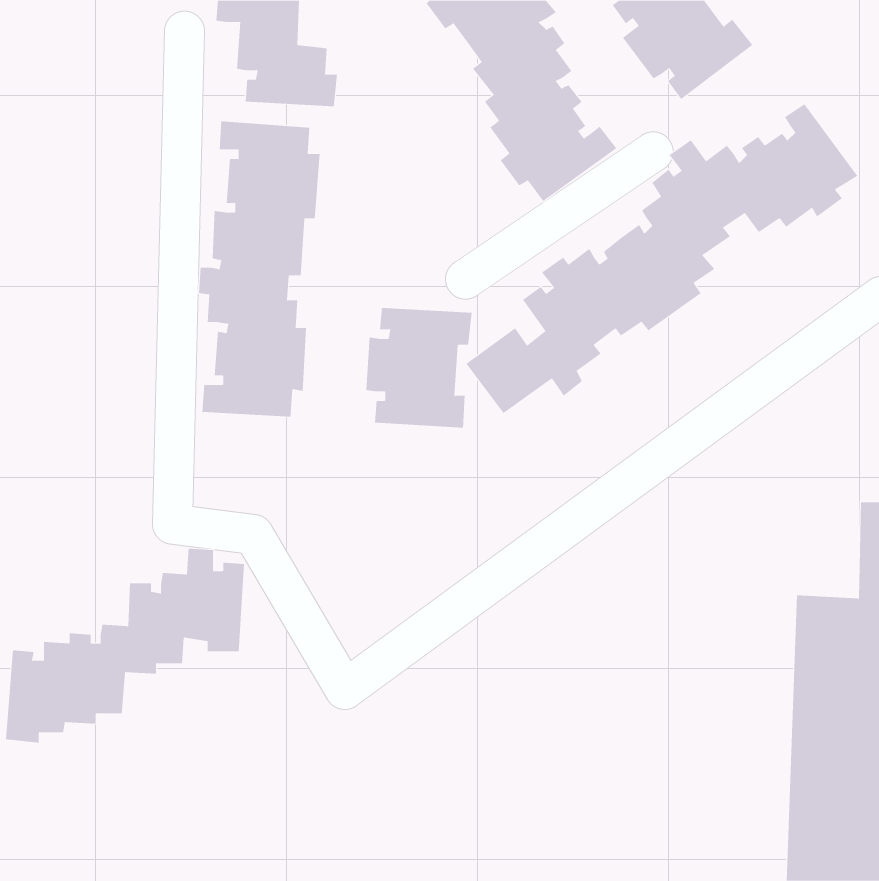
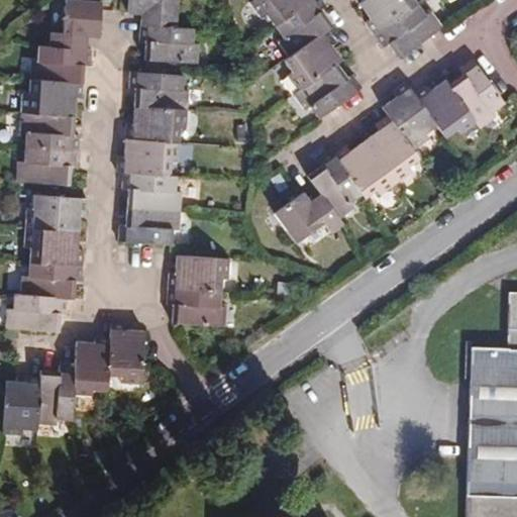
building: none -> [16,8,101,184]
building: [366,307,472,428] -> [168,255,230,326]
building: none -> [7,194,87,331]

